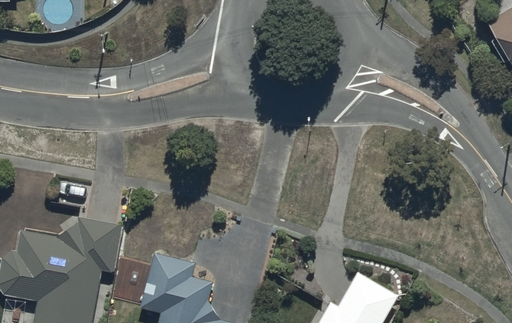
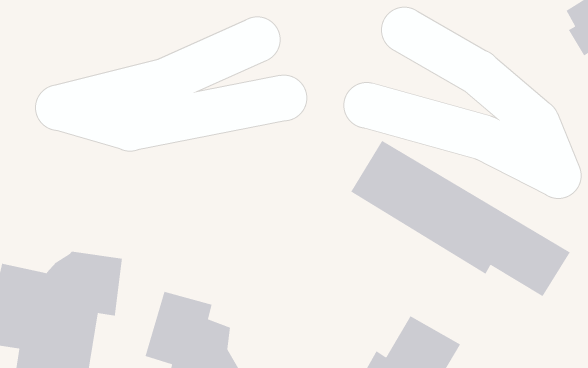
building: none -> [350,140,571,297]

